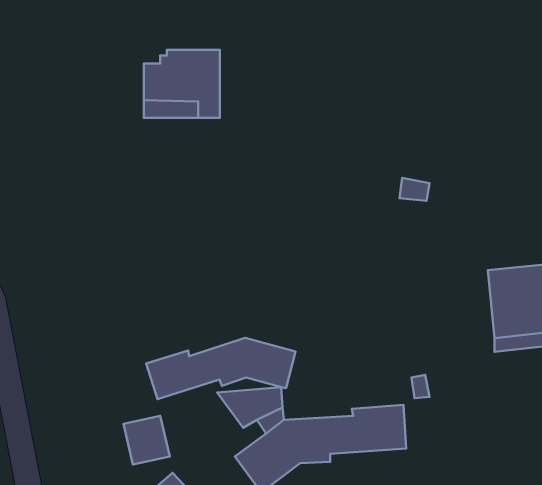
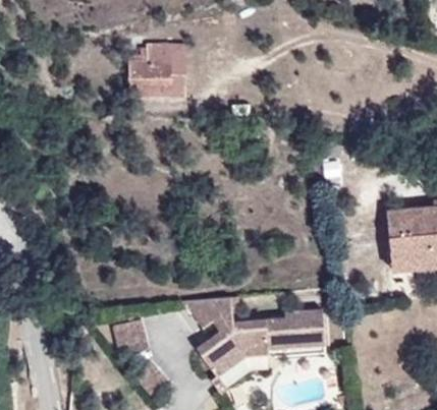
building: [146,338,295,399] -> none

